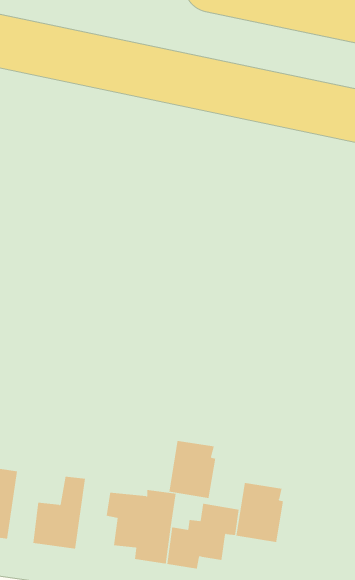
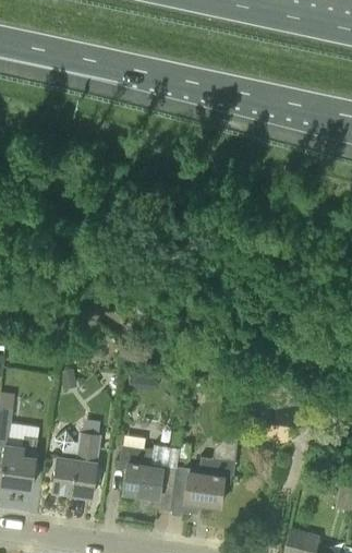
building: [169,440,216,499] -> none
building: [236,482,283,543] -> none

